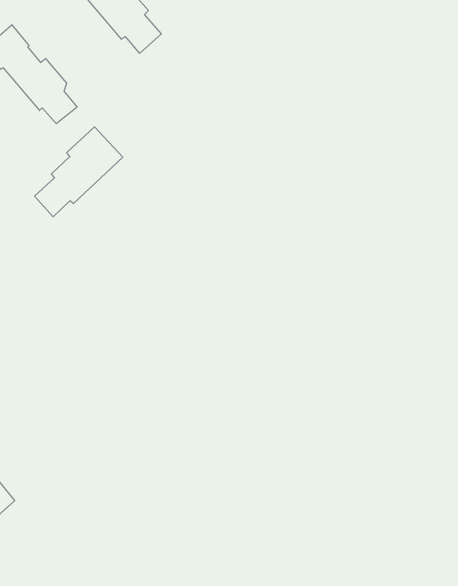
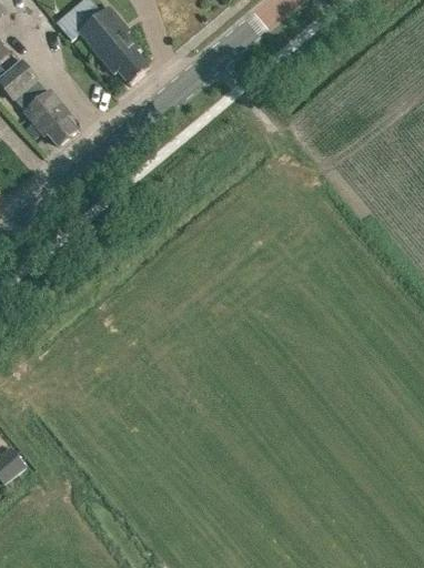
building: [35,127,123,217] -> none

